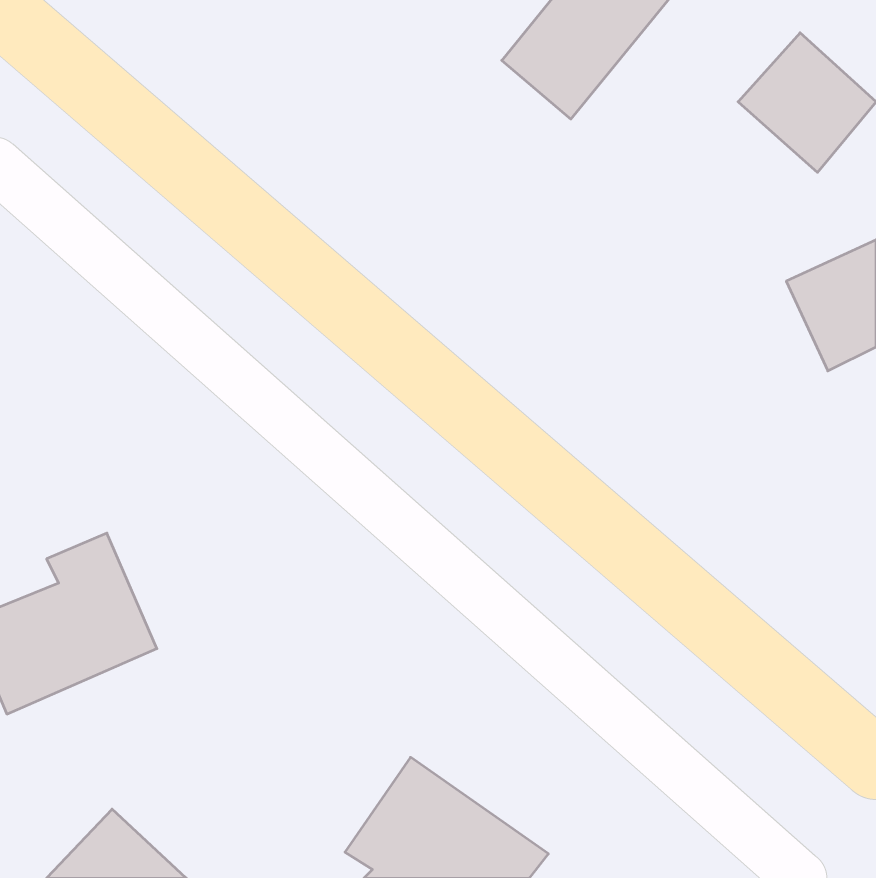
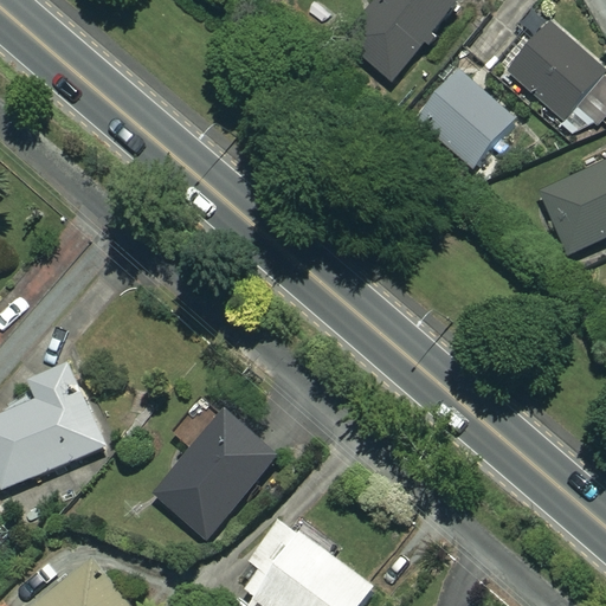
building: none -> [417,71,516,169]
building: none -> [154,407,281,540]

